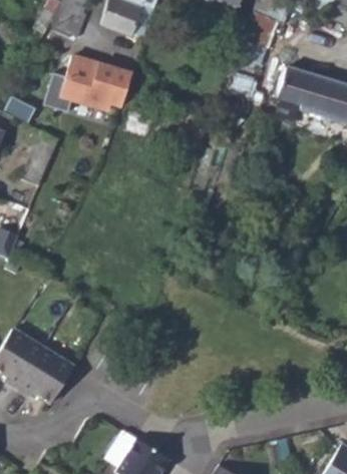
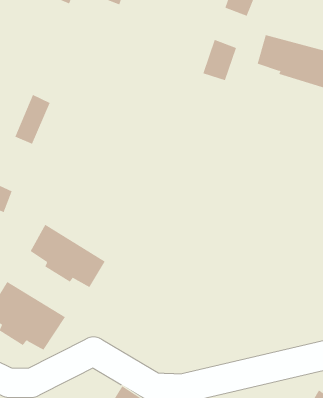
building: [58,56,131,110] -> none
building: none -> [30,224,105,288]

